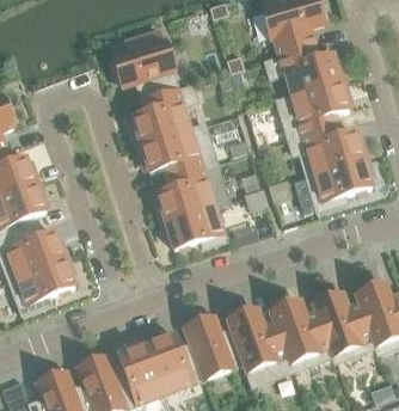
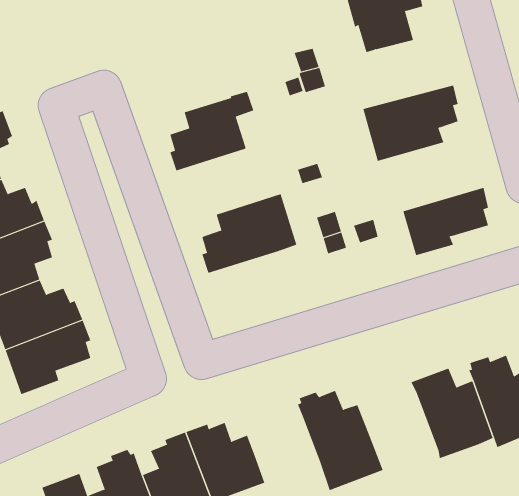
building: [111,29,178,100] -> none
building: [265,47,345,94] -> none
building: [137,123,216,177] -> none
building: [288,123,368,174] -> none
building: [161,204,226,247] -> none
building: [271,300,333,368] -> none
building: [185,315,245,378] -> none

